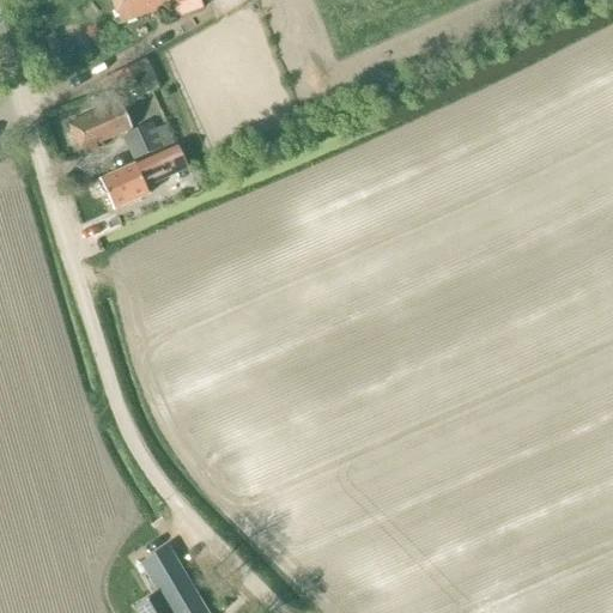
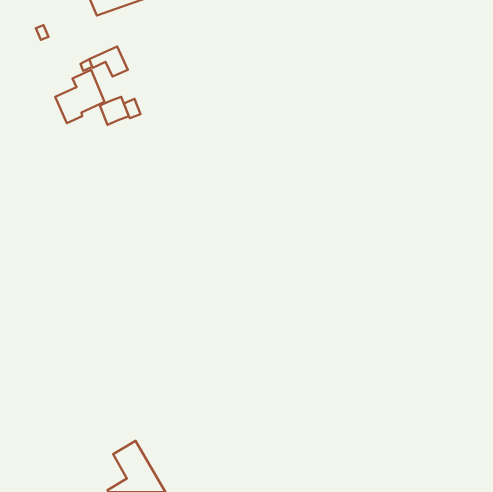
building: [102,145,187,207] -> none

